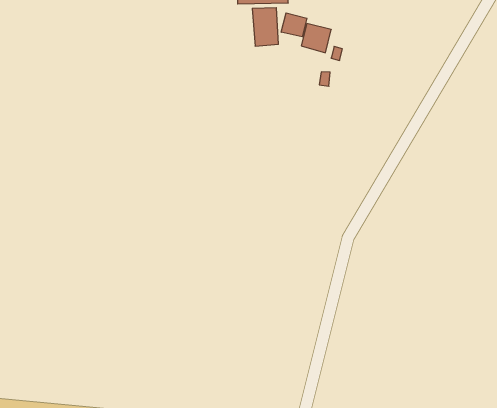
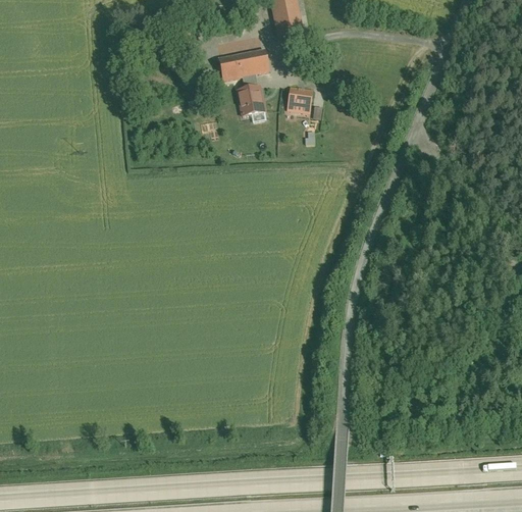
building: [281,13,307,37] -> none

